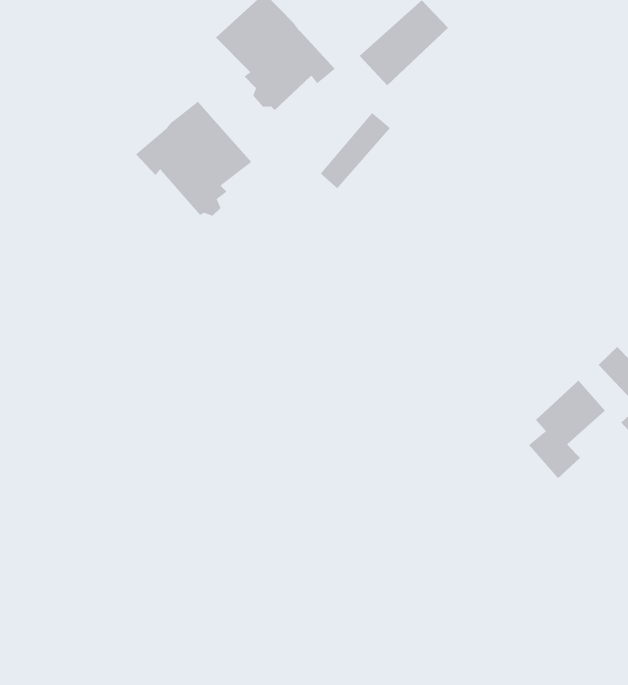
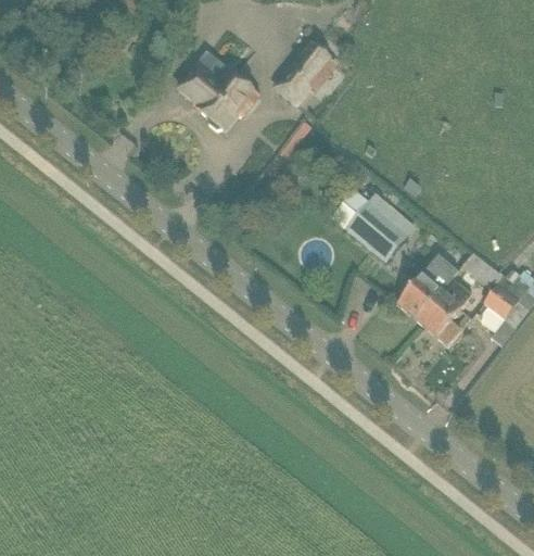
building: [135,101,252,216] -> none
building: none -> [346,200,408,260]
building: none -> [398,253,458,325]

